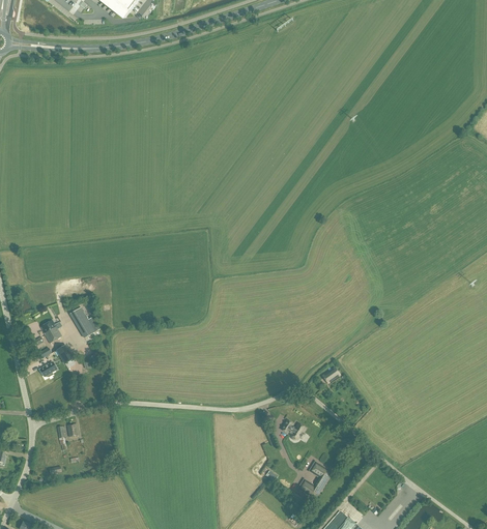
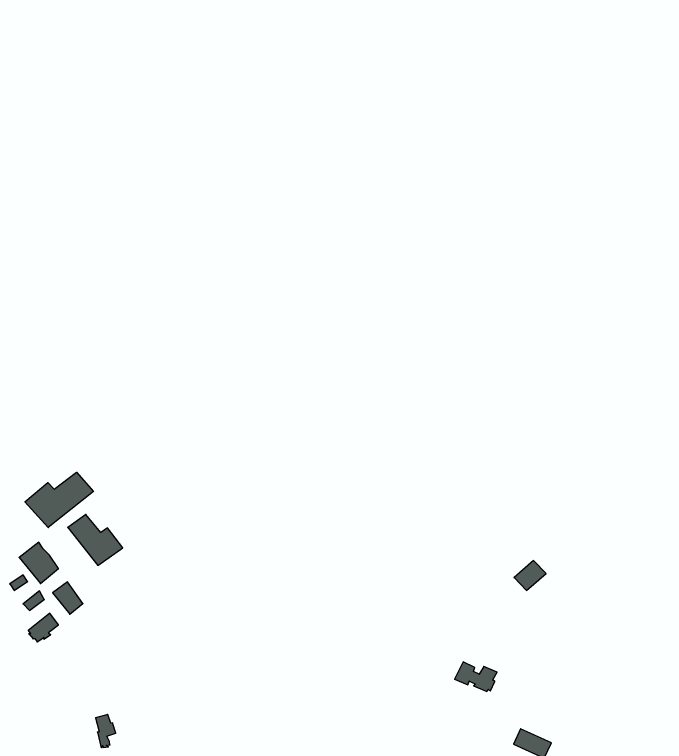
building: none -> [25,472,93,528]

